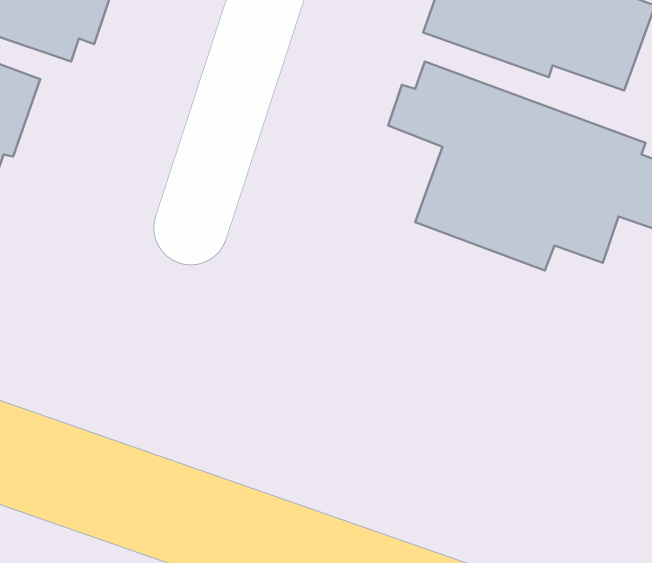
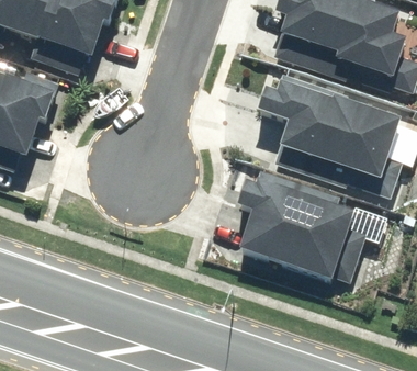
building: none -> [238,169,353,280]

